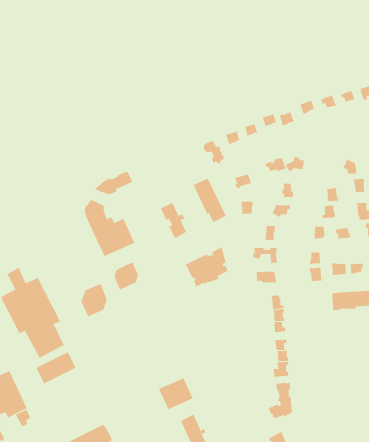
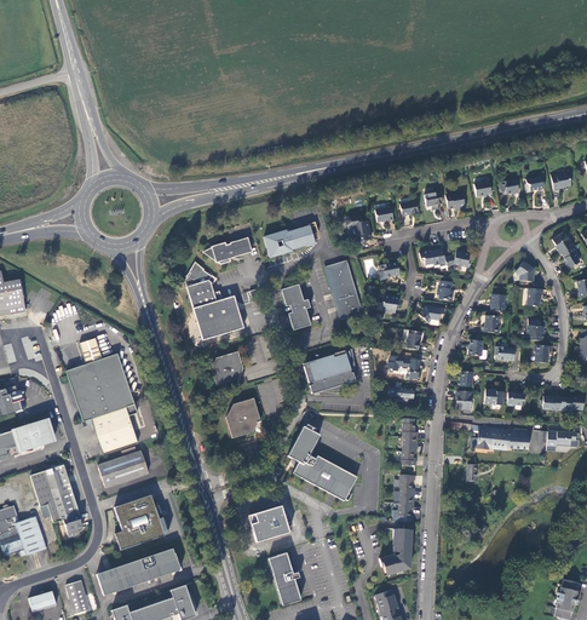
building: none -> [264,224,318,257]
building: [81,283,108,317] -> [225,397,259,437]
building: none -> [286,424,357,500]
building: none -> [114,492,163,549]

